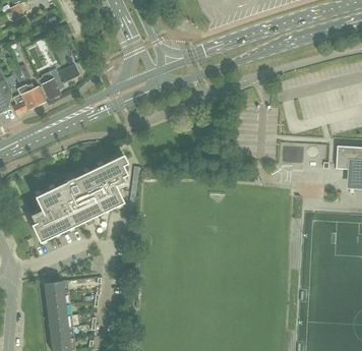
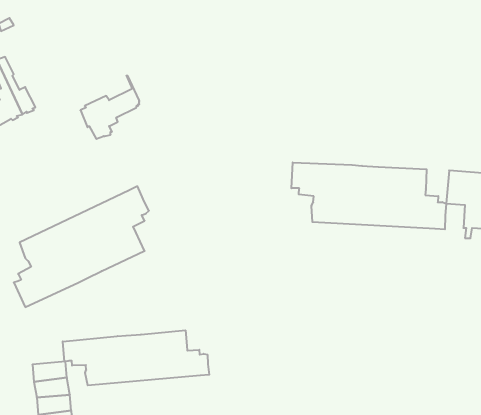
building: [38,55,79,100] -> [80,76,139,139]
building: none -> [291,162,446,229]
building: none -> [63,330,209,385]

